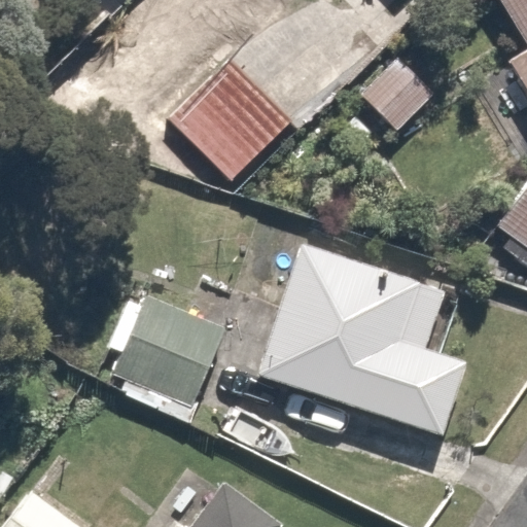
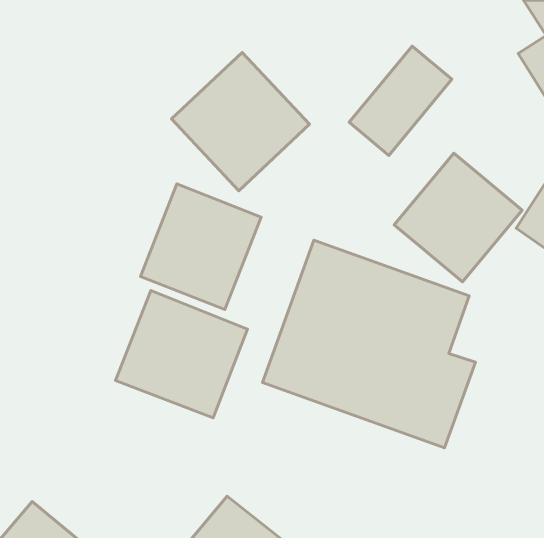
building: none -> [394,153,522,282]
building: none -> [140,184,261,310]

